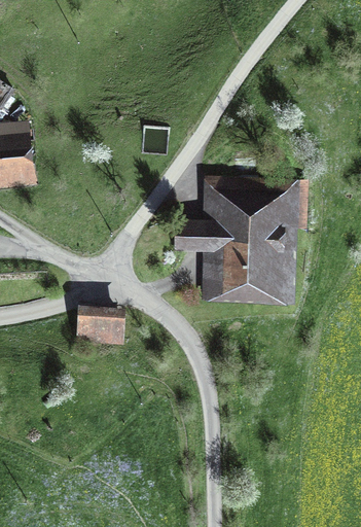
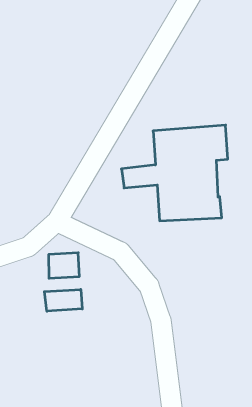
building: none -> [44,289,82,311]

